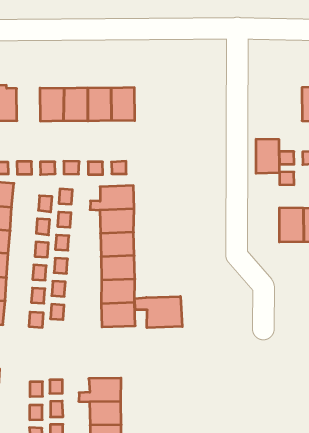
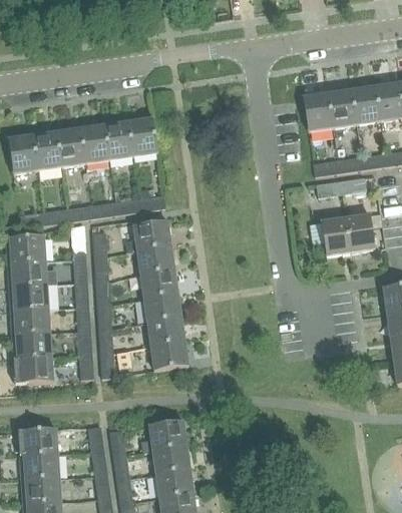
building: none -> [33,131,62,168]
building: [256,139,279,173] -> [303,93,332,131]
building: [135,296,182,328] -> none

